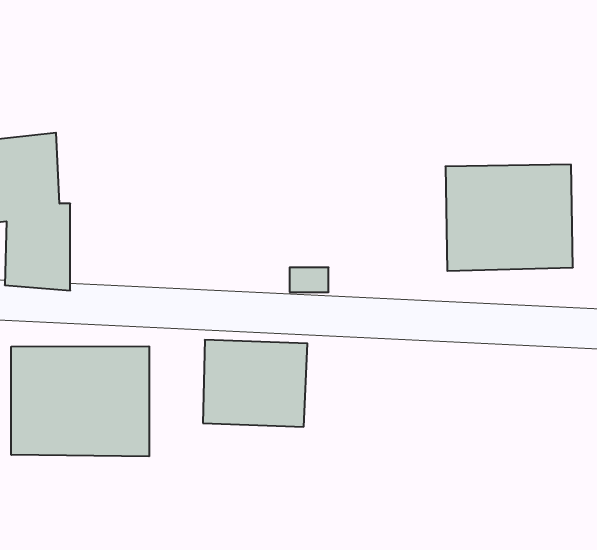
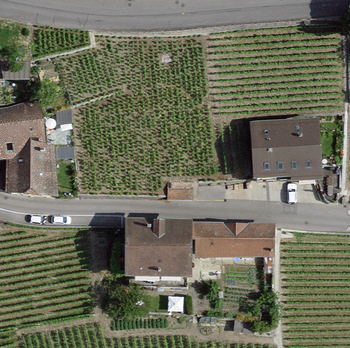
building: none -> [194,226,265,254]
building: [11,346,149,456] -> none

